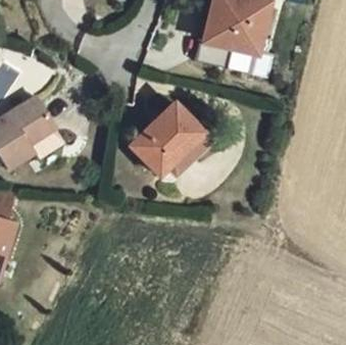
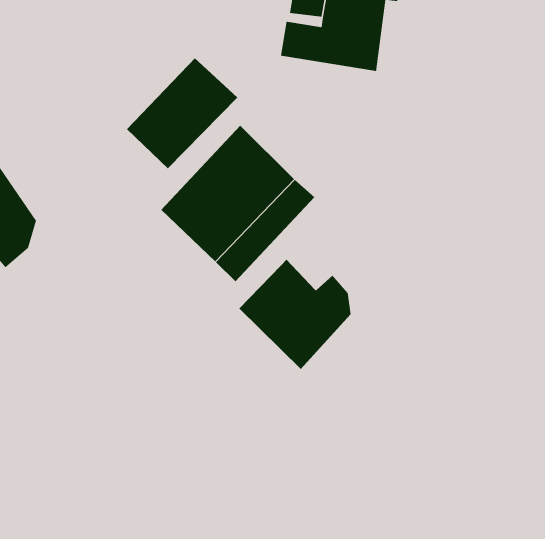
building: none -> [126,58,238,169]
building: none -> [239,259,351,370]

